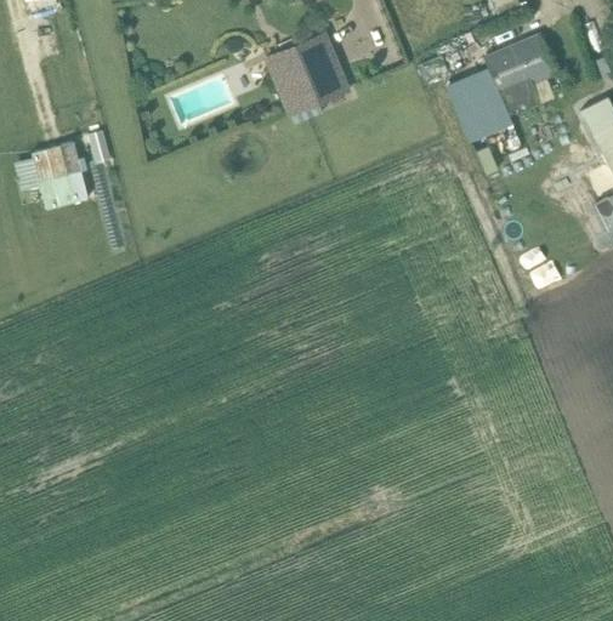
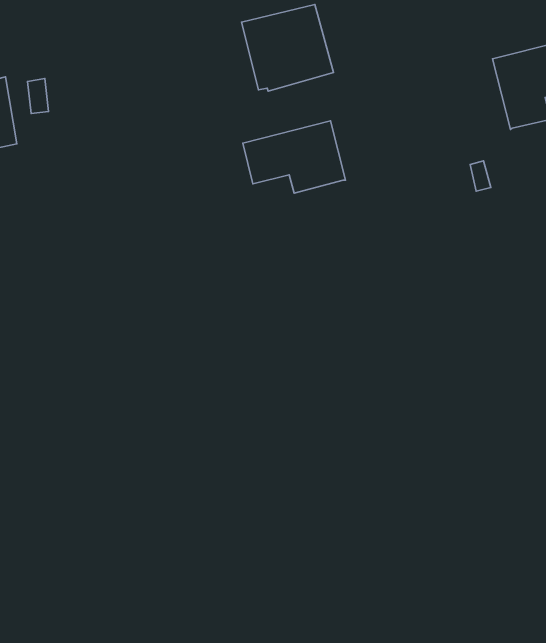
building: [447,67,503,137] -> none
building: none -> [243,121,345,193]

